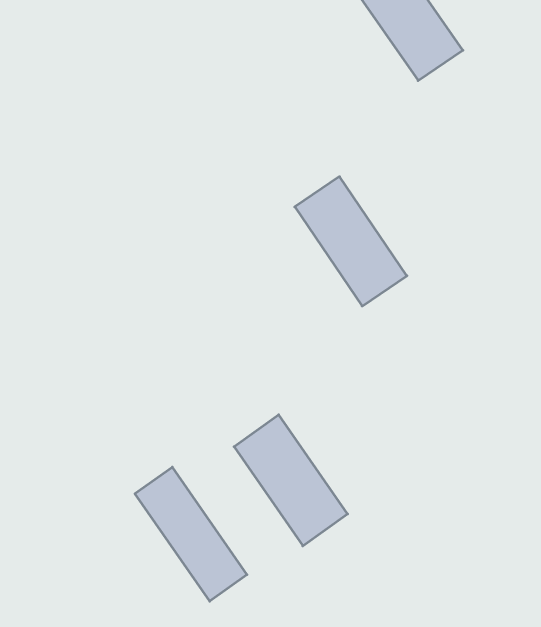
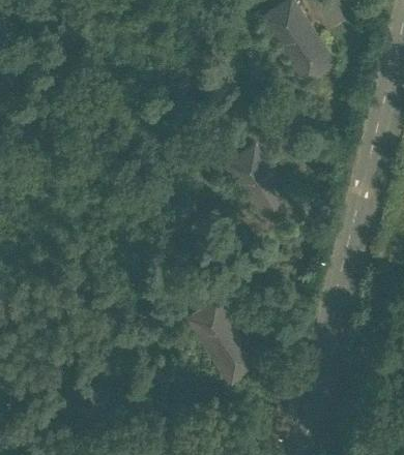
building: [135,467,247,601] -> none

